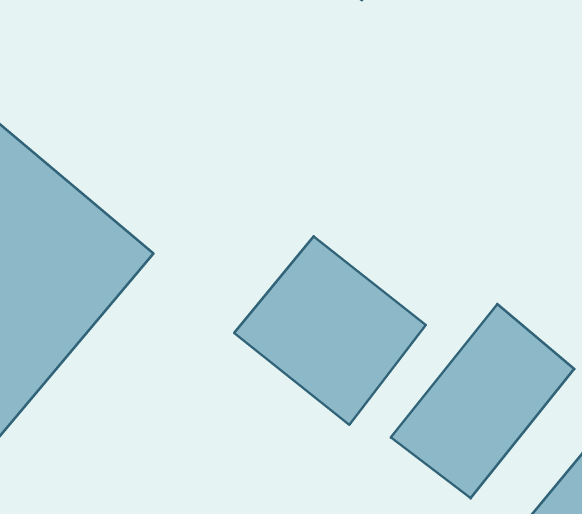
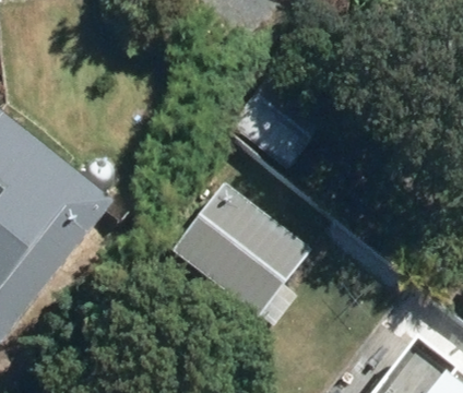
building: [391,304,574,498] -> none

